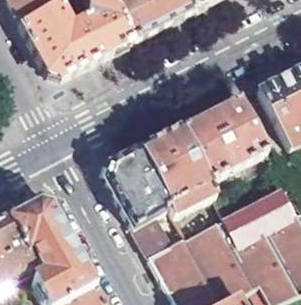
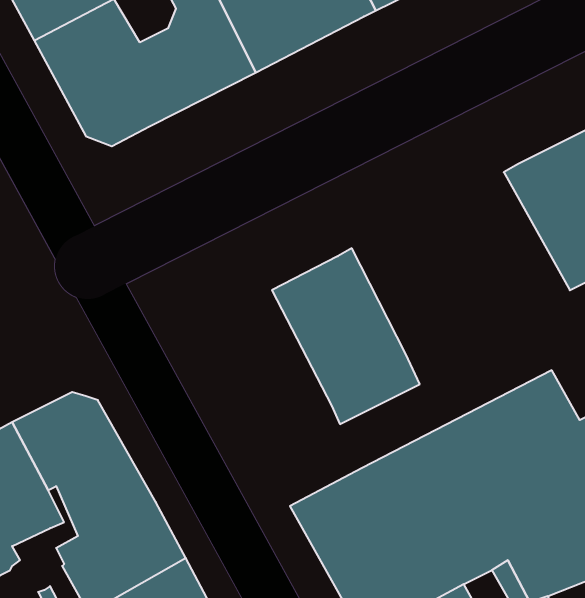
building: [180,95,269,178] -> none
building: [105,146,185,254] -> none

